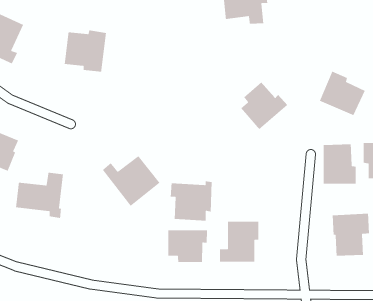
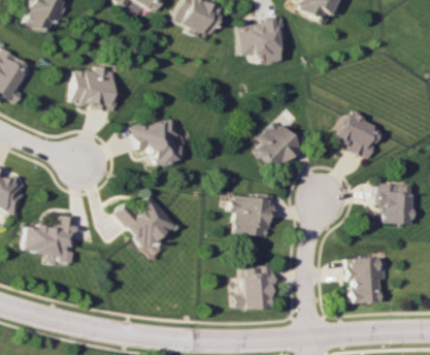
building: none -> [130,119,180,166]
building: [323,144,357,184] -> none
building: [170,181,213,221] -> [230,194,274,236]
building: [168,230,208,263] -> none

